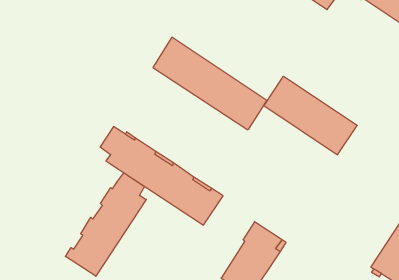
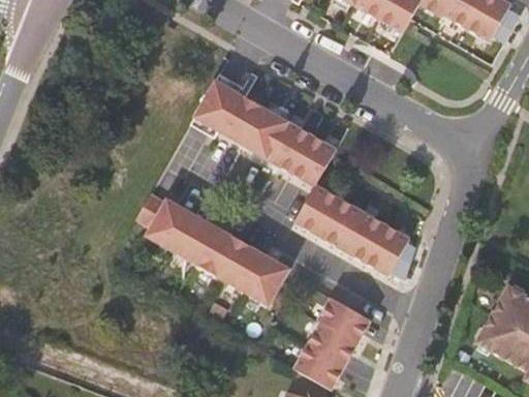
building: [264,76,357,155] -> [294,185,410,276]
building: [65,173,146,276] -> none

